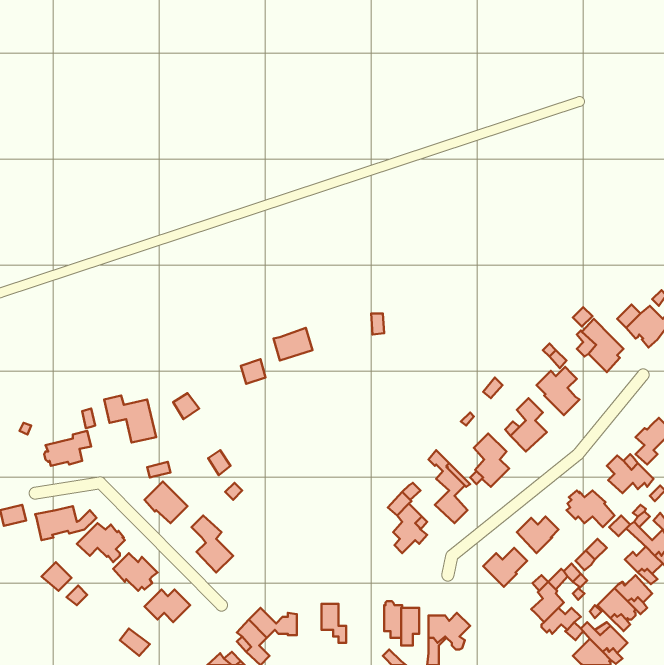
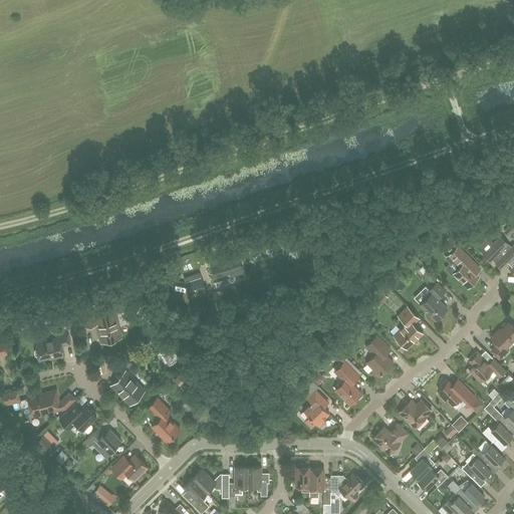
building: none -> [230,466,249,496]

